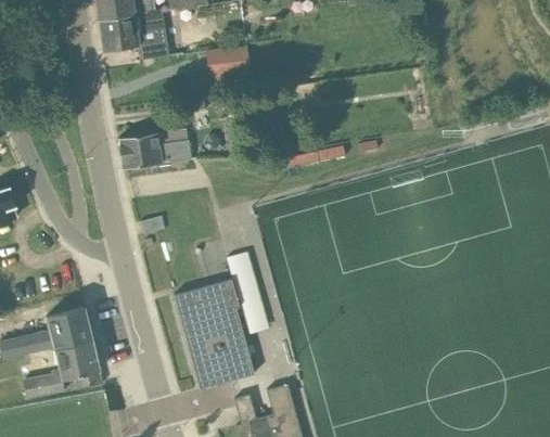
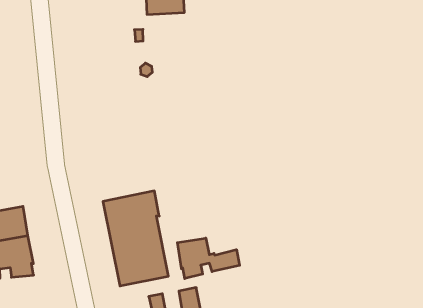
building: [118,129,192,169] -> none
building: none -> [177,238,240,279]

